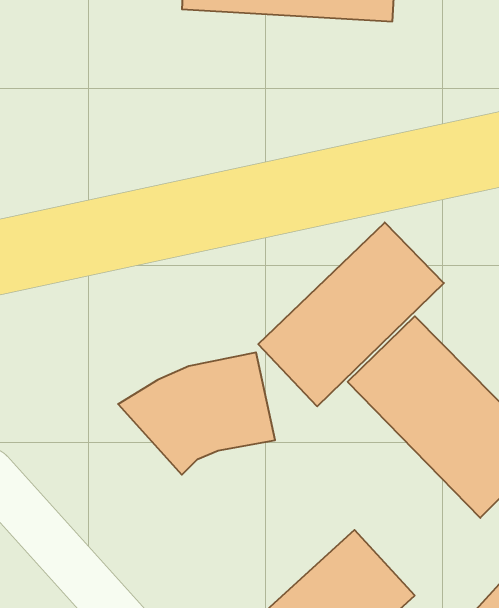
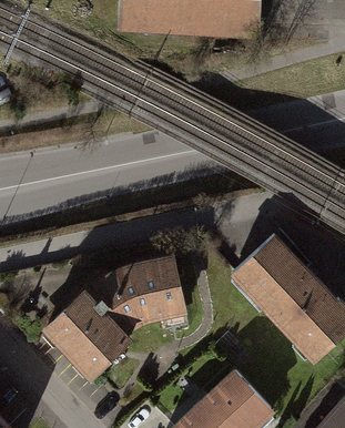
building: [258,222,444,406] -> none
building: none -> [43,288,130,375]

